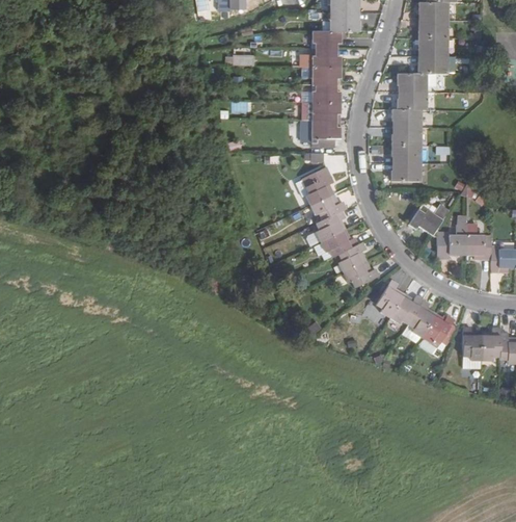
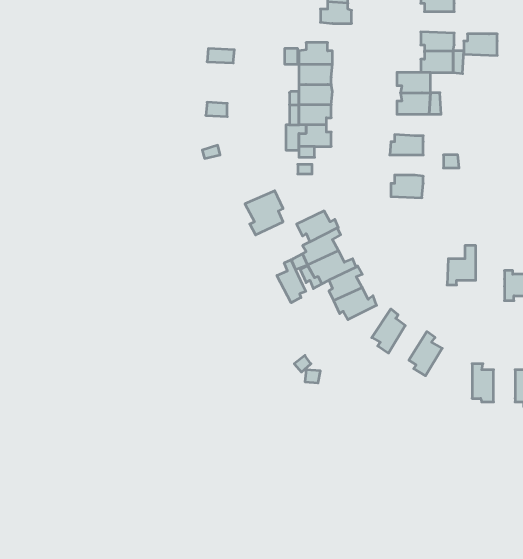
building: [417,21,446,40] -> [464,34,497,55]
building: [311,30,341,48] -> none
building: [391,109,419,129] -> none
building: [390,146,419,164] -> none
building: [300,167,333,206] -> [245,191,283,235]
building: [408,202,449,236] -> none
building: [465,225,491,260] -> none
building: none -> [277,260,306,303]
building: [389,294,423,324] -> none
building: [422,314,457,345] -> none
building: [481,329,500,361] -> none

